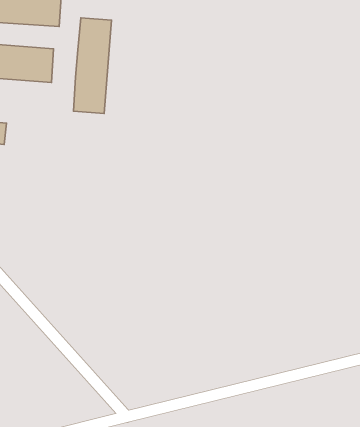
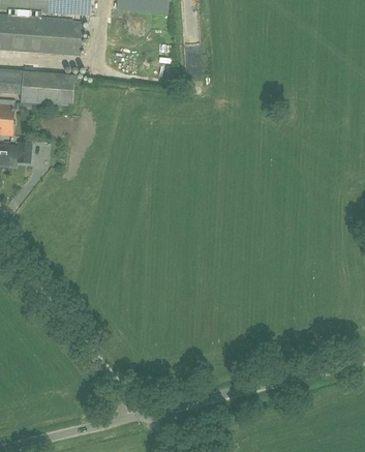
building: [73,18,111,113] -> none

